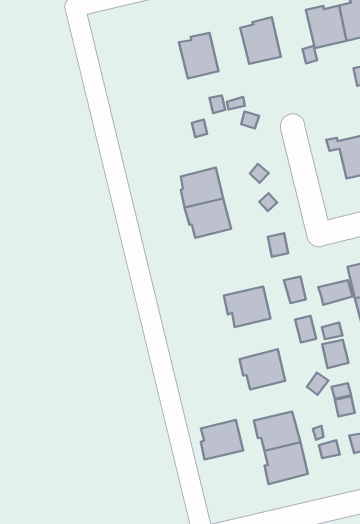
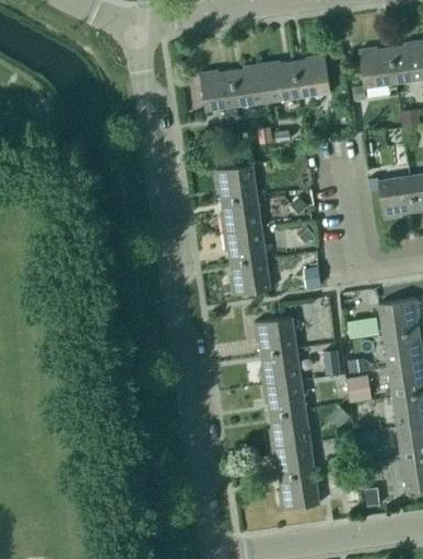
building: none -> [262,62,298,103]
building: none -> [199,71,237,111]
building: none -> [214,165,257,202]
building: none -> [230,258,271,295]
building: none -> [260,348,302,385]
building: [201,420,243,460] -> [270,411,310,447]

